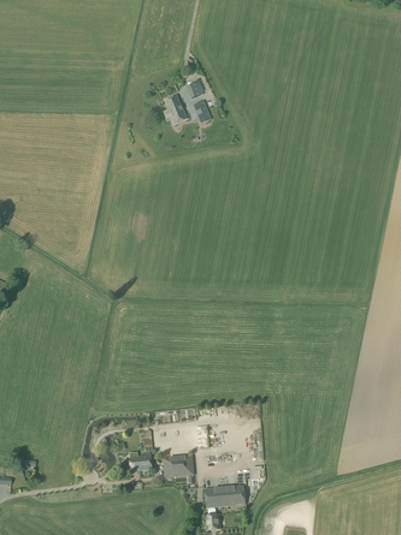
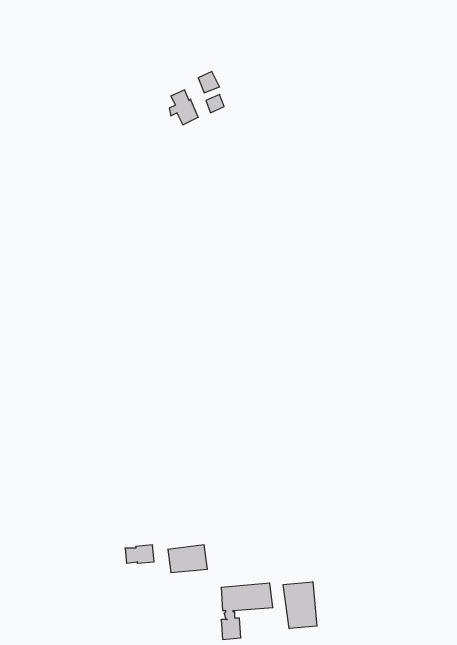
building: none -> [283,582,317,629]

